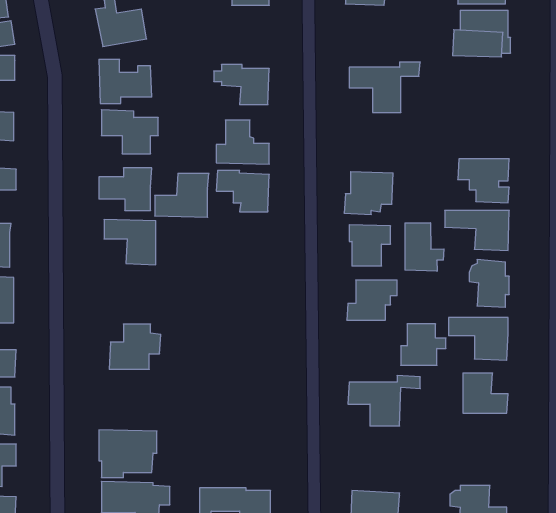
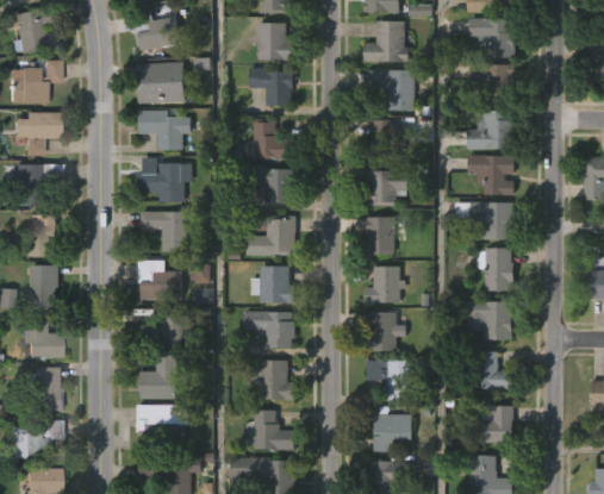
building: none -> [363,20,411,62]
building: none -> [256,23,293,61]
building: none -> [469,63,515,102]
building: none -> [466,110,515,150]
building: none -> [363,120,396,160]
building: [155,173,209,217] -> [245,215,295,256]
building: [405,223,444,271] -> none
building: none -> [137,261,181,300]
building: none -> [251,267,293,304]
building: [401,324,446,365] -> [363,313,405,351]
building: none -> [243,311,295,349]
building: none -> [141,355,176,400]
building: none -> [250,361,295,400]
building: none -> [474,406,513,443]
building: none -> [245,411,292,451]
building: none -> [373,414,412,452]

